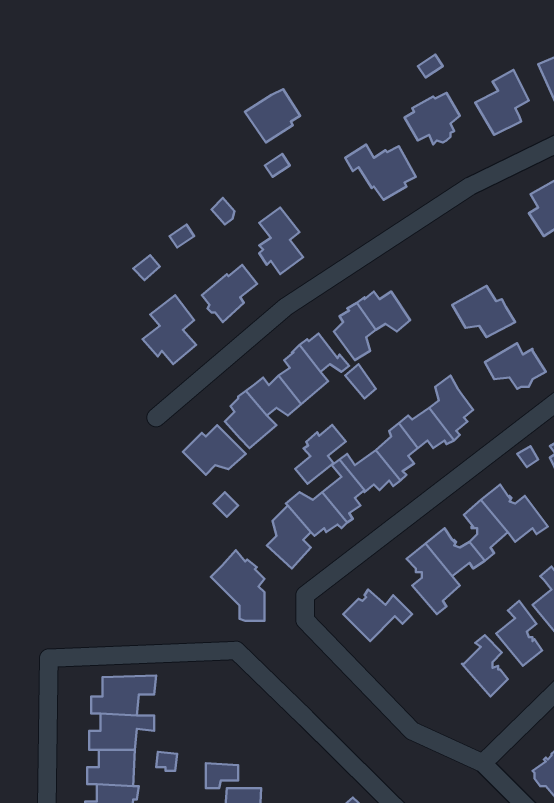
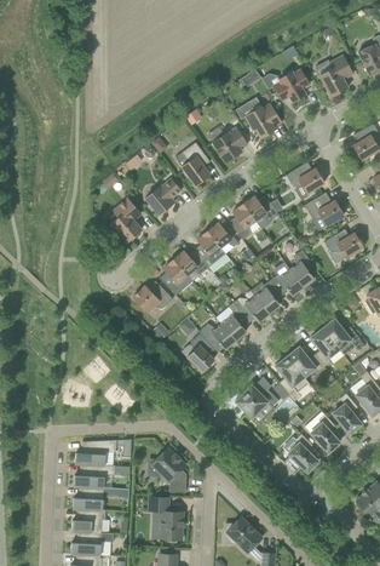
building: [245,89,300,143] -> [212,127,247,161]
building: none -> [286,161,324,193]
building: [295,425,346,484] -> none
building: [211,550,264,621] -> [151,446,185,491]
building: none -> [283,433,318,473]

